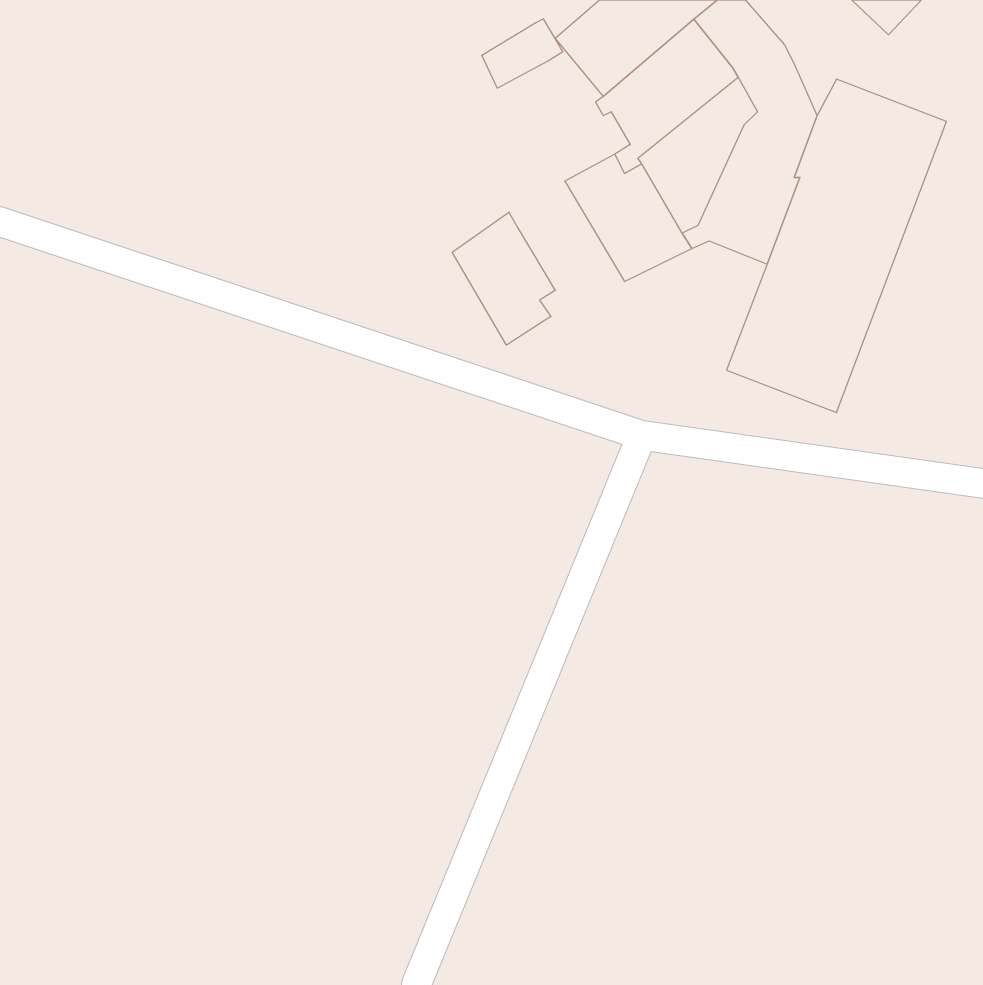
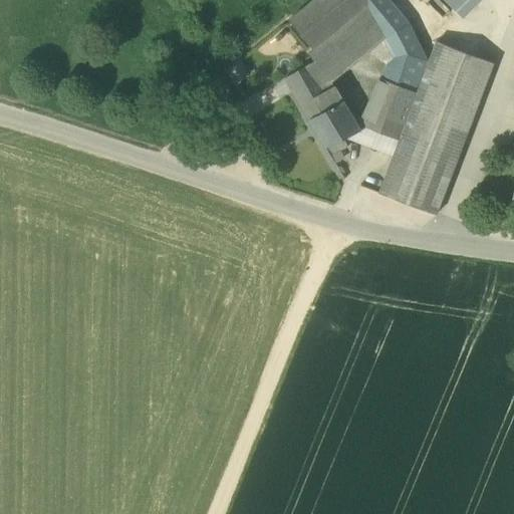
building: [482,19,563,88] -> [287,58,329,94]
building: [452,212,555,345] -> none

